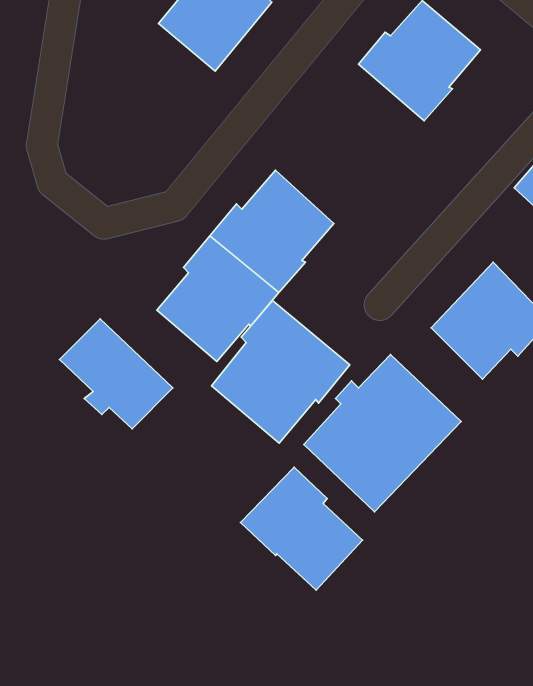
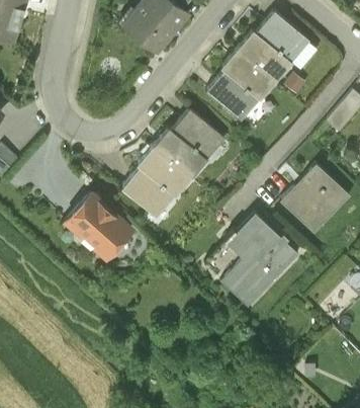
building: none -> [206,50,275,120]
building: [211,301,350,443] -> none
building: [241,467,362,590] -> none

